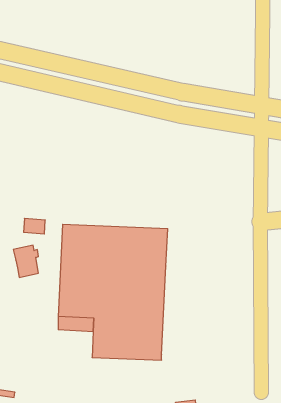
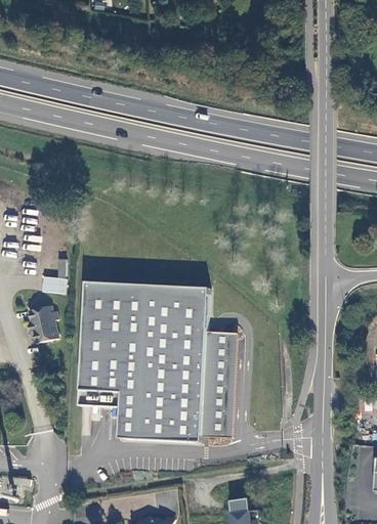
building: none -> [201,331,237,436]

